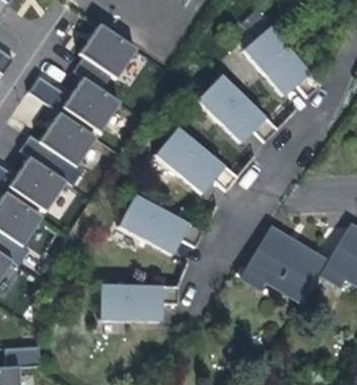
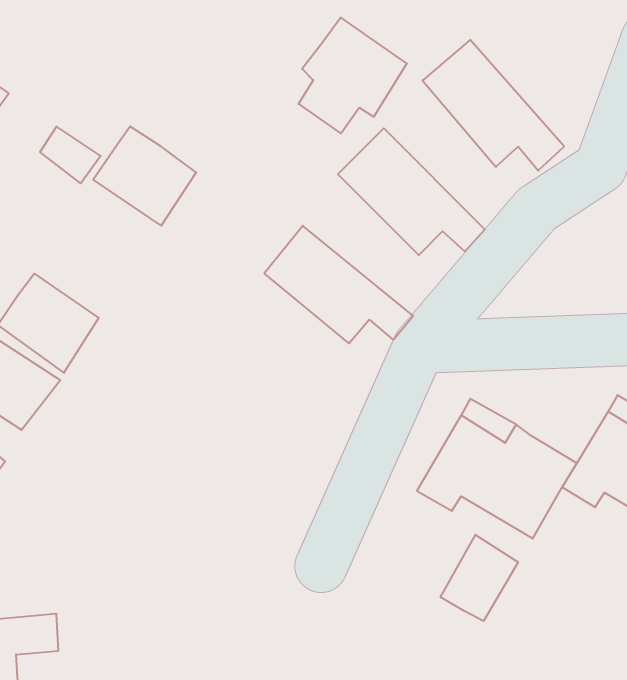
building: [76,21,136,85] -> [298,17,407,133]
building: [20,112,95,161] -> none
building: [119,198,205,257] -> none
building: [100,287,181,325] -> none
building: none -> [441,535,518,621]

